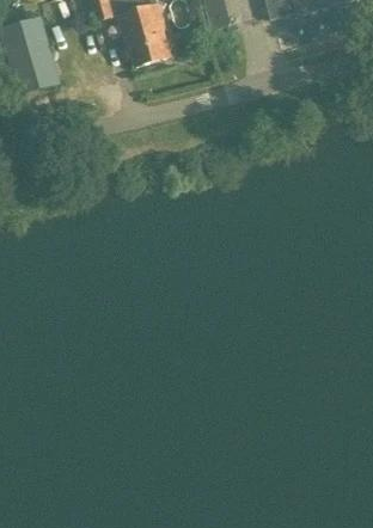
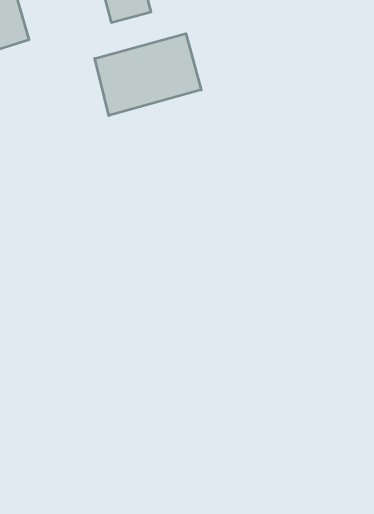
building: none -> [95,34,201,116]

